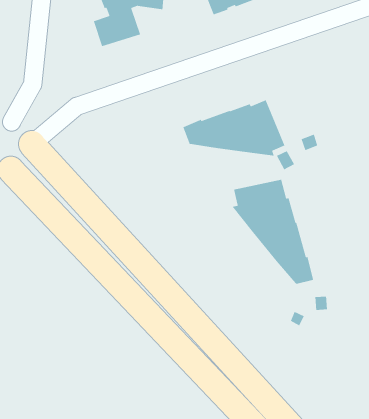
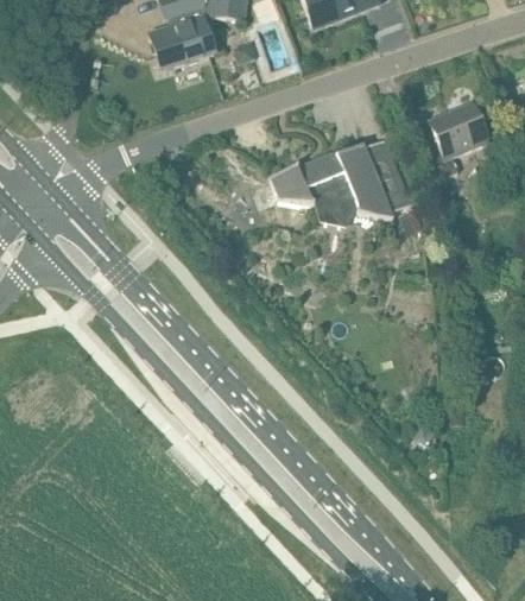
building: none -> [428,101,489,178]
building: [232,179,314,286] -> none

